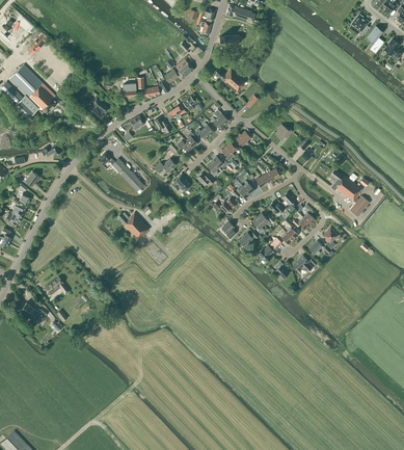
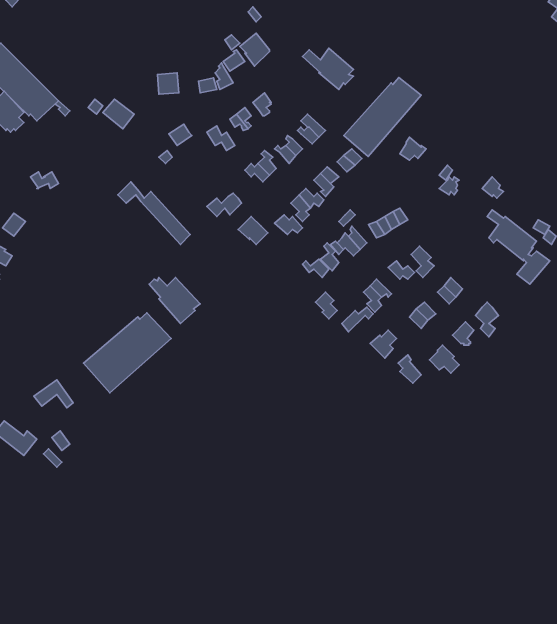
building: none -> [344,77,421,157]
building: none -> [84,313,171,393]

